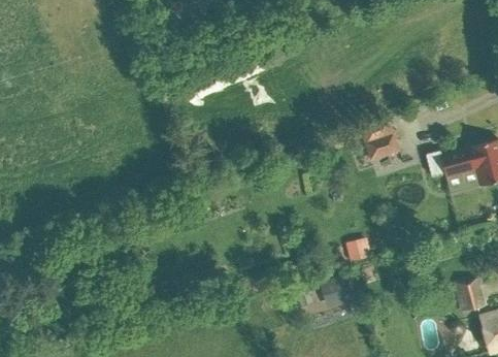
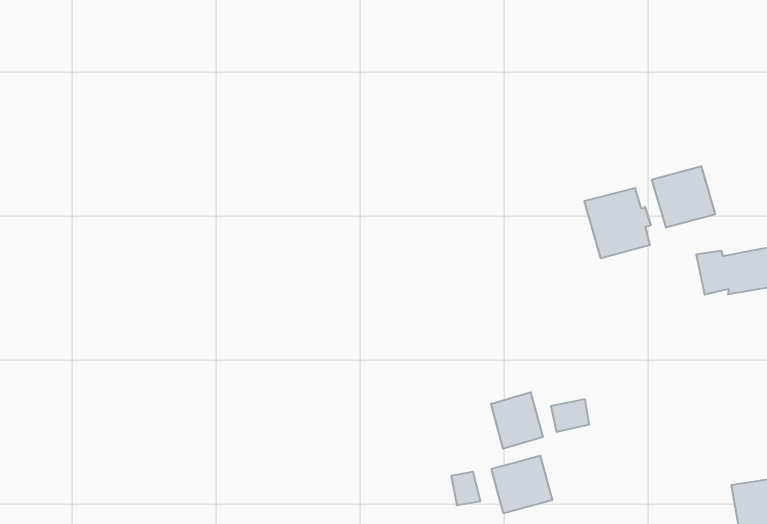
building: none -> [652,166,715,228]
building: none -> [491,392,543,449]

